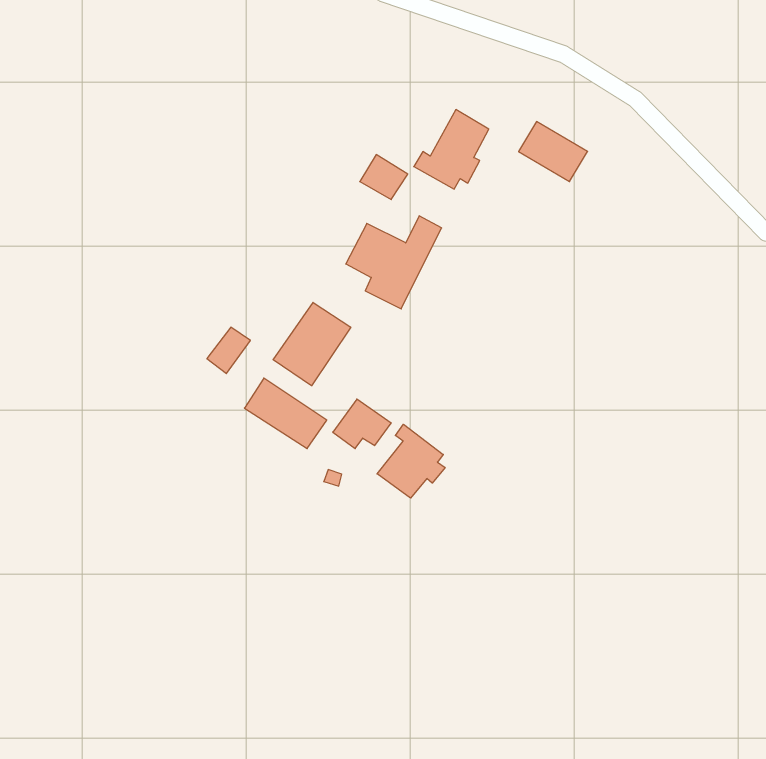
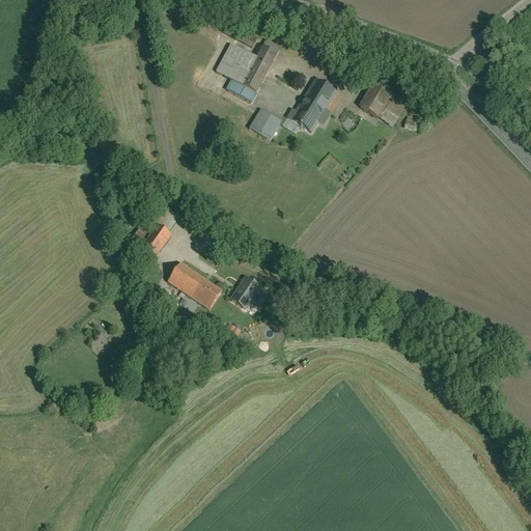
building: [346,216,442,309] -> [215,35,281,100]
building: [273,302,351,386] -> none
building: [377,424,445,498] -> none

